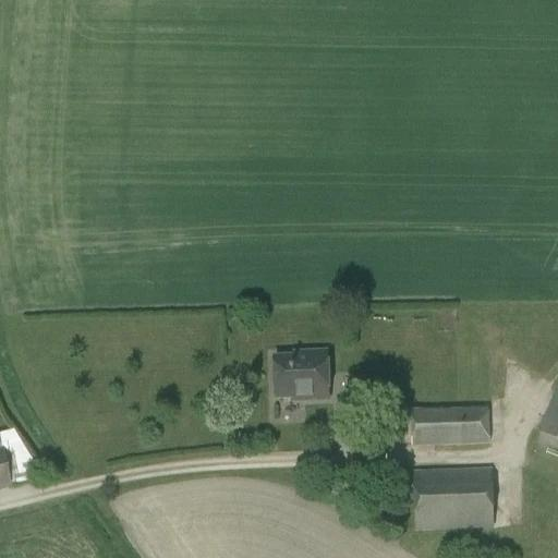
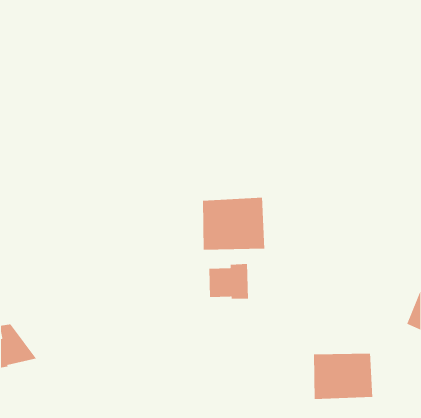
building: none -> [202,197,265,251]
building: [410,405,488,442] -> none

